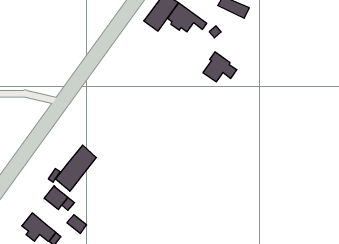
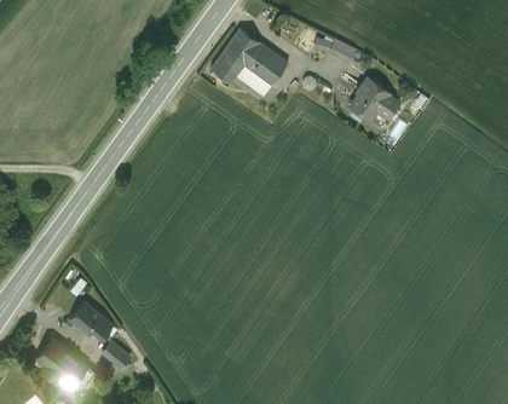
building: [203,52,237,82] -> [351,77,399,120]
building: [55,145,96,191] -> none

